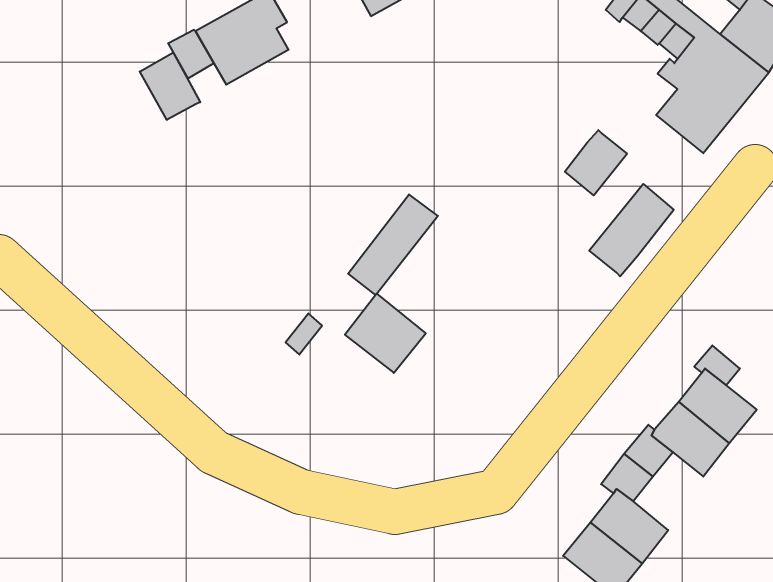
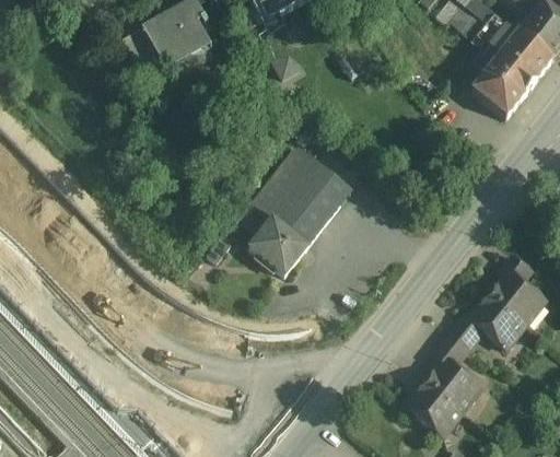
building: [140,53,200,120] -> none
building: [565,130,627,195] -> none
building: [589,184,674,276] -> none
building: none -> [272,161,351,245]

